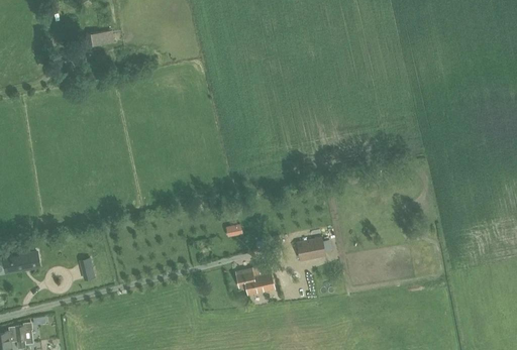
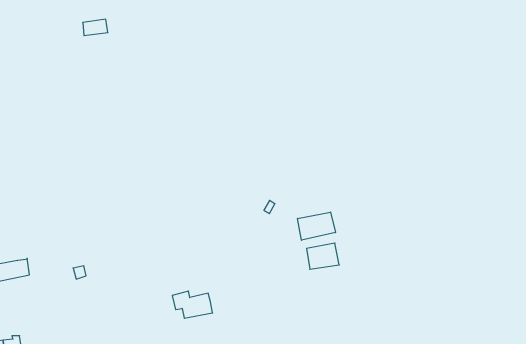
building: none -> [298,212,335,240]
building: [235,268,273,294] -> [172,291,213,318]

